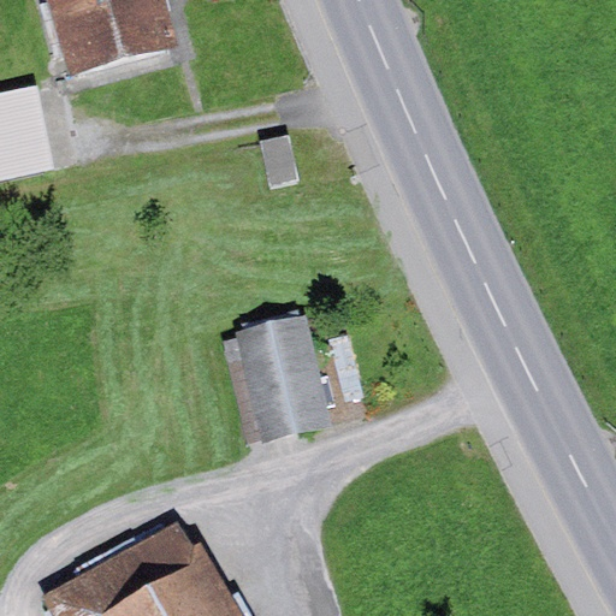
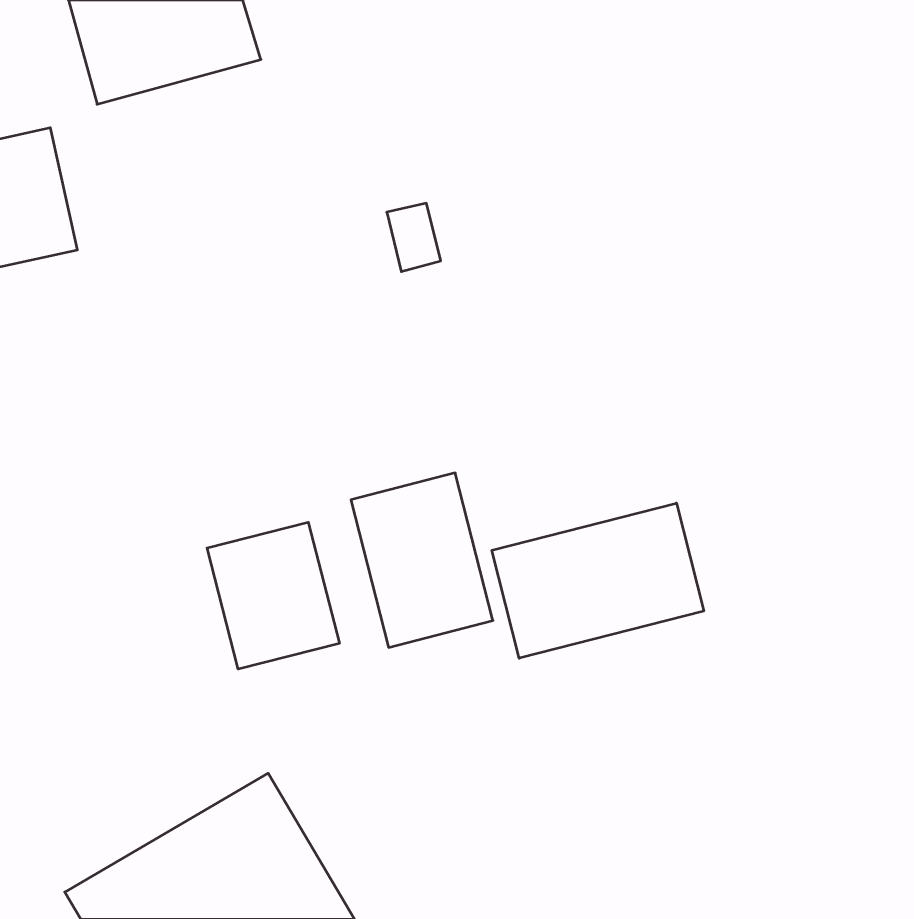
building: none -> [492,503,704,658]
building: none -> [207,522,339,669]

